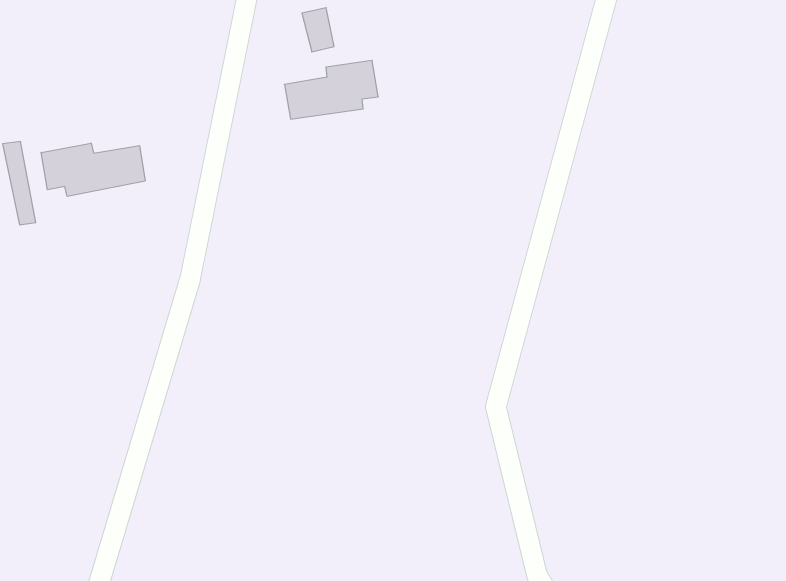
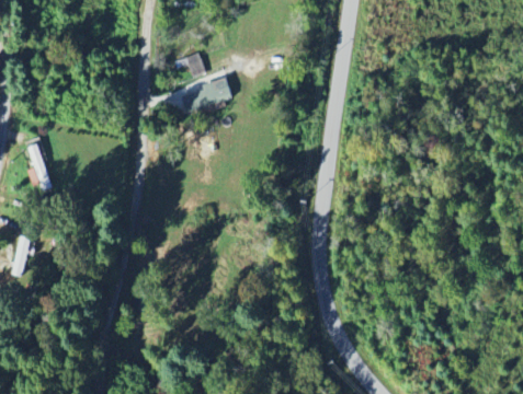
building: [41,143,145,196] -> none

